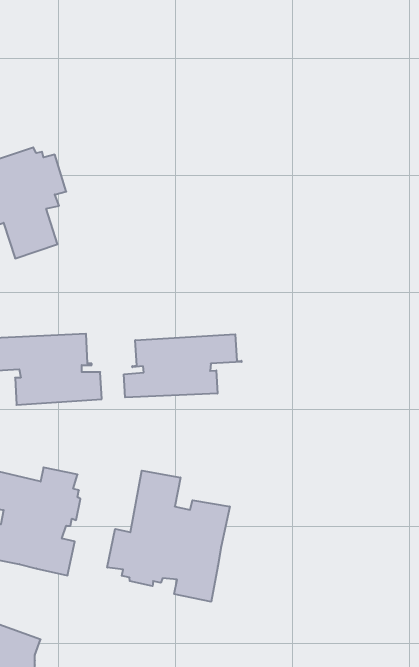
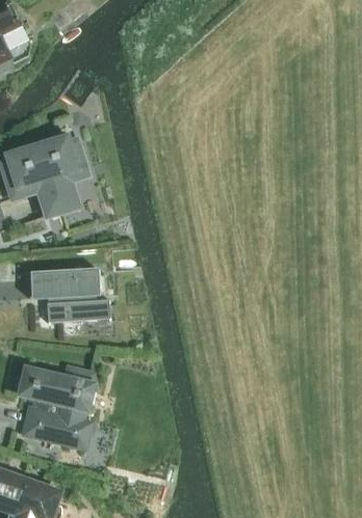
building: [124,334,242,397] -> none
building: [107,471,230,602] -> none

